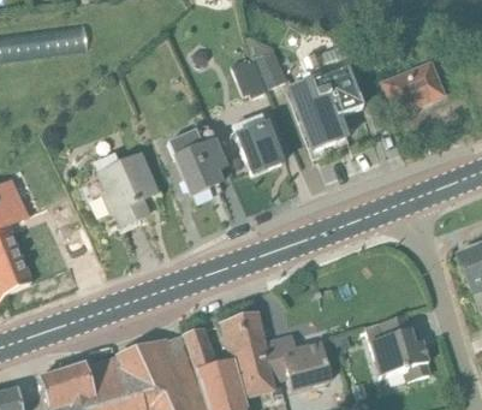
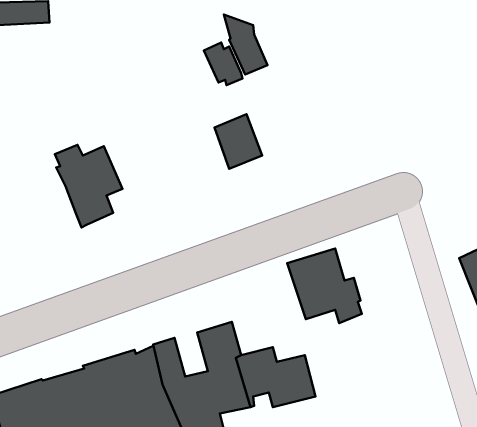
building: [292,48,363,148] -> none
building: [385,61,442,111] -> none
building: [168,123,227,194] -> none
building: [363,313,430,380] -> [287,249,362,323]

